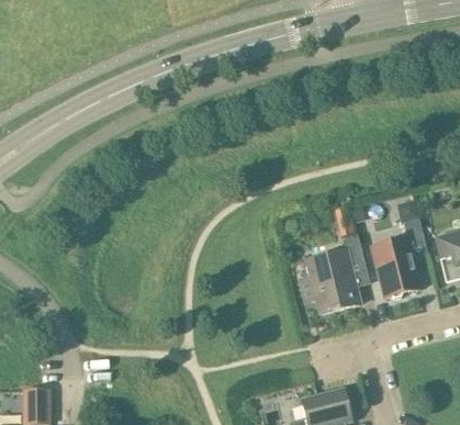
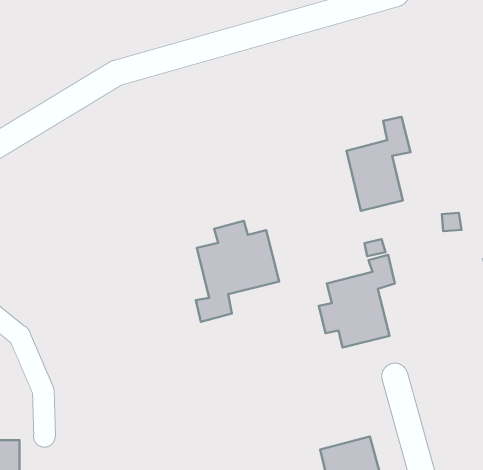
building: none -> [196,221,279,322]
building: [372,217,426,297] -> [346,117,411,211]

